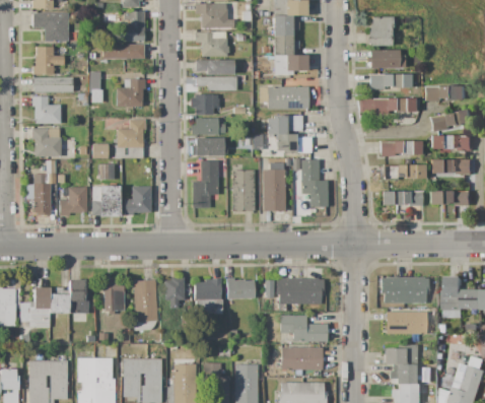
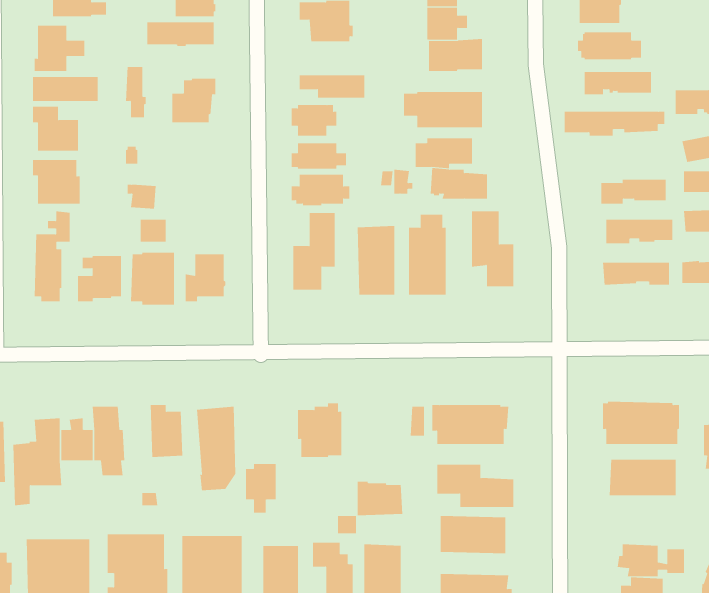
building: [196,59,234,74] -> none
building: [116,118,145,157] -> none
building: [165,277,185,308] -> [245,463,277,513]
building: [227,278,256,299] -> [357,481,403,516]
building: [385,344,418,364] -> none

